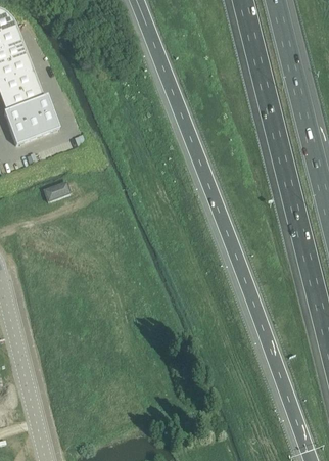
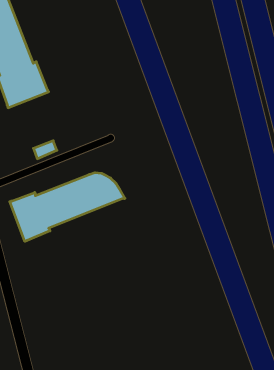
building: none -> [10,173,125,241]

